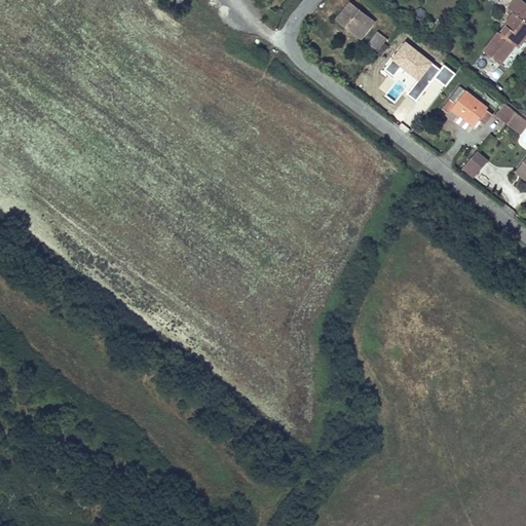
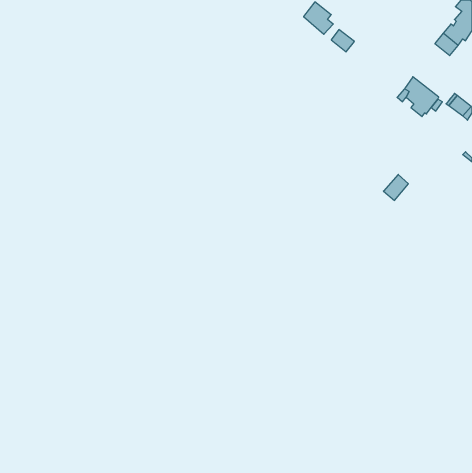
building: [384,41,455,101] -> none
building: [460,149,488,178] -> [383,174,408,200]

